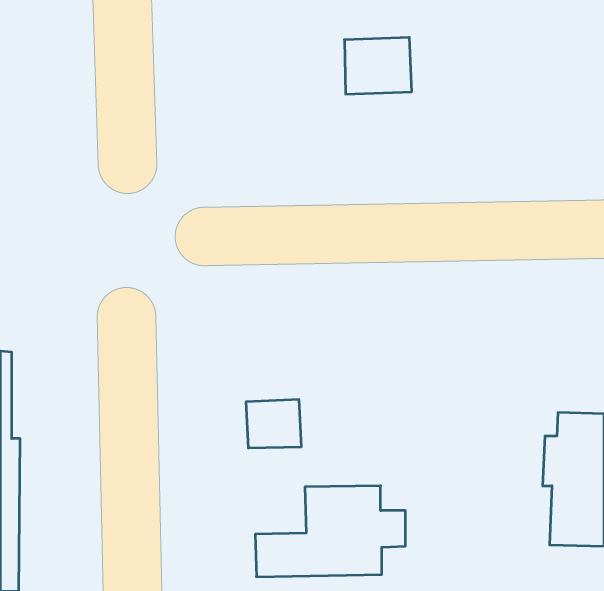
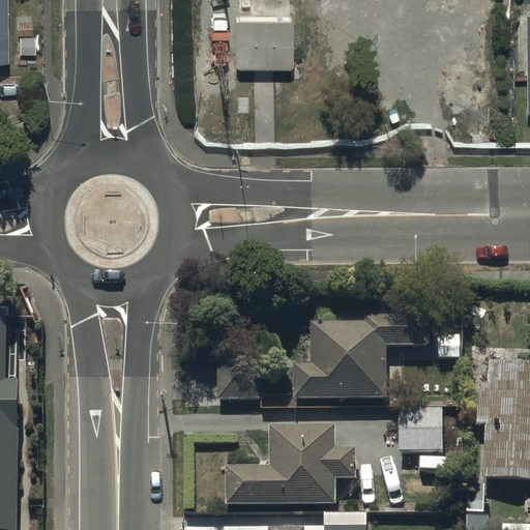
building: [344,37,412,94] -> [233,6,292,56]
building: none -> [294,317,426,398]
building: none -> [399,406,440,450]

